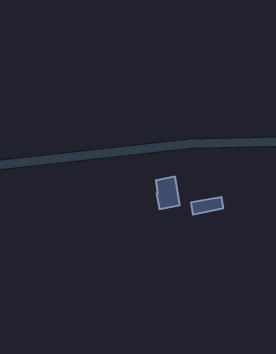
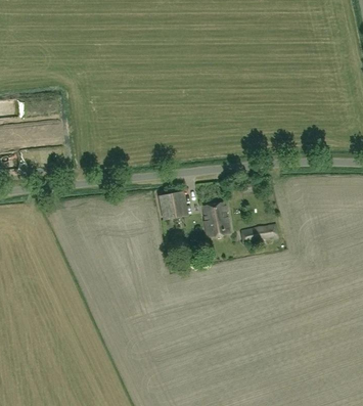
building: none -> [161,193,184,219]

